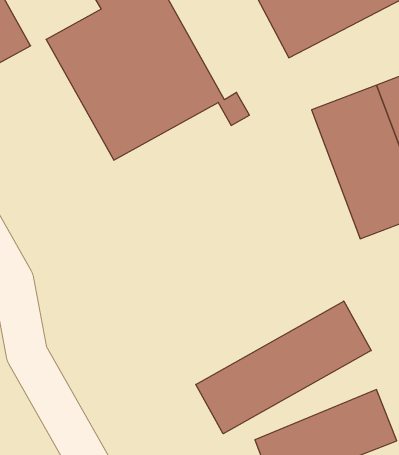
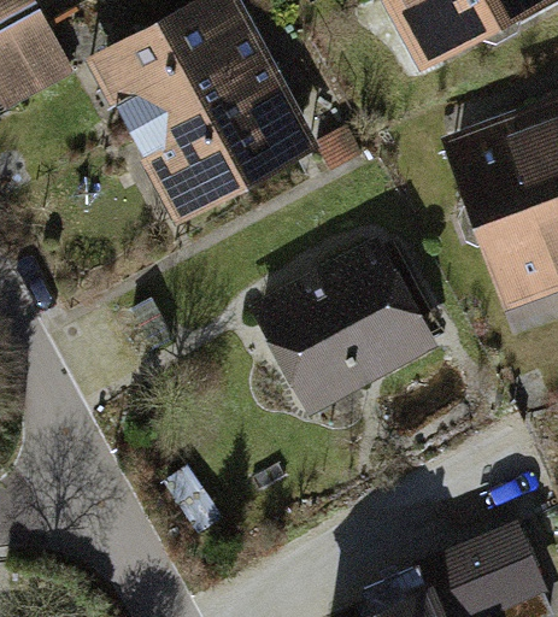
building: none -> [257,235,441,411]
building: [196,301,371,434] -> none

